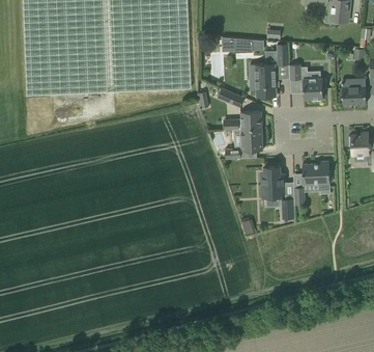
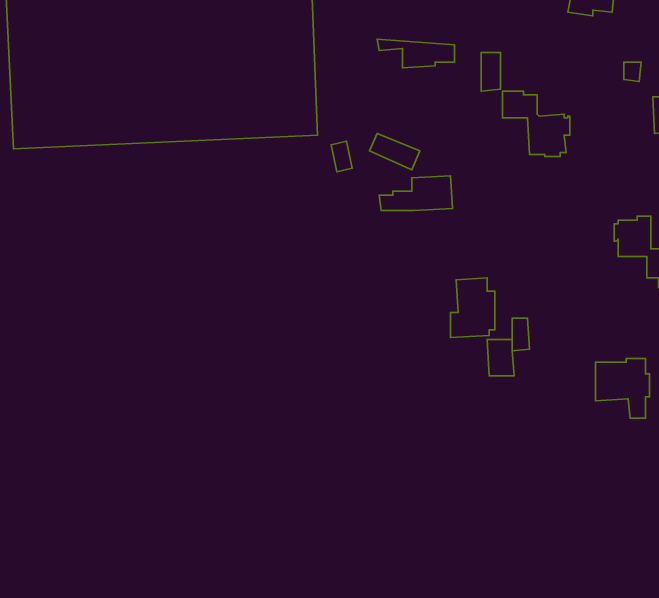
building: [250,63,278,98] -> none
building: [342,81,366,104] -> none
building: [225,128,263,158] -> none
building: [303,161,332,193] -> [595,358,649,418]

